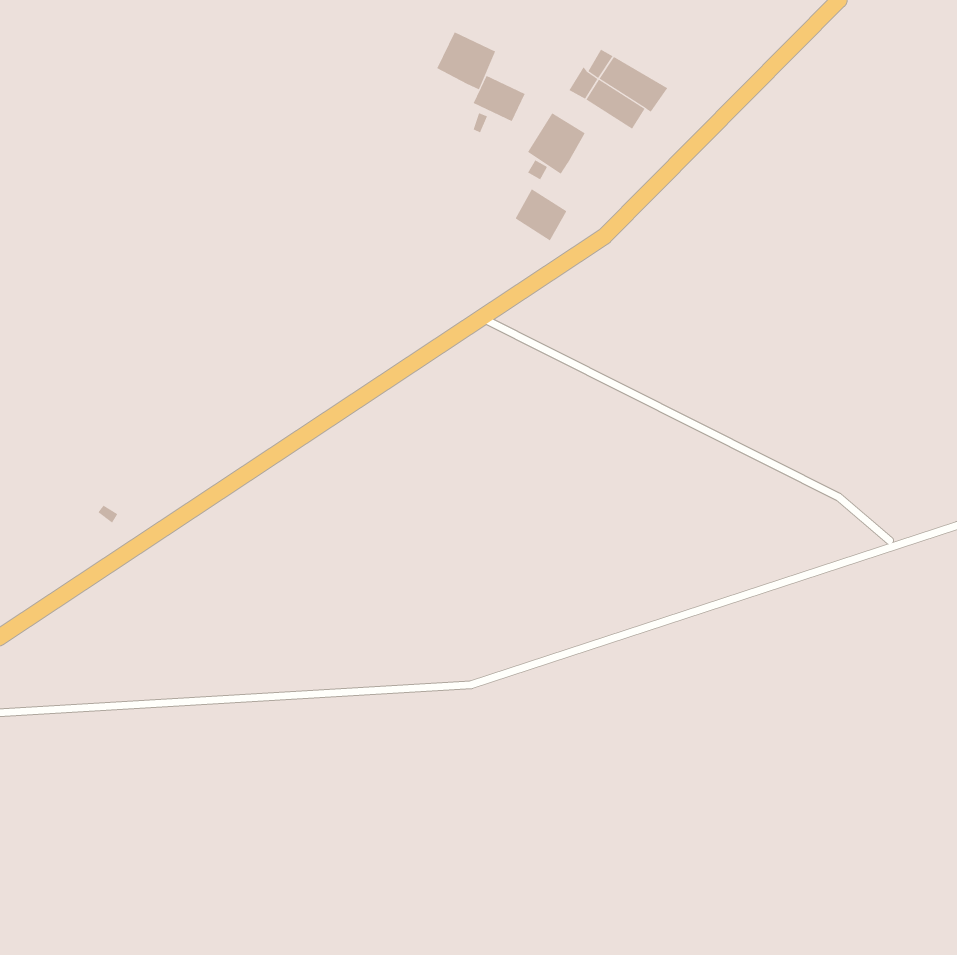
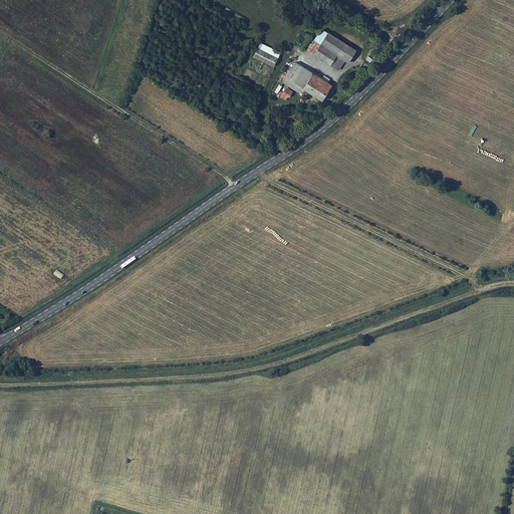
building: [436,31,496,90] -> none
building: [515,189,567,241] -> [304,73,332,101]

